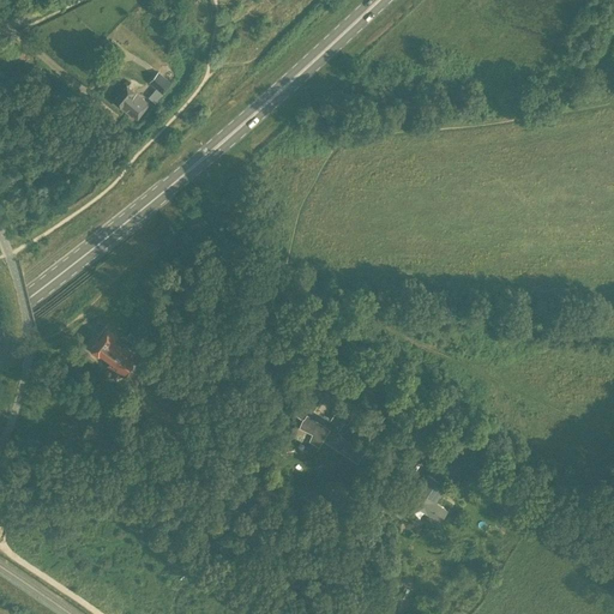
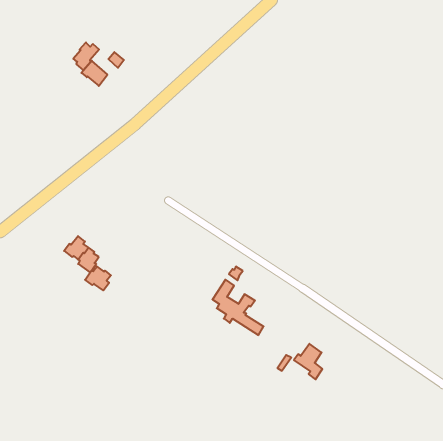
building: none -> [73,42,99,70]
building: none -> [85,266,111,290]

